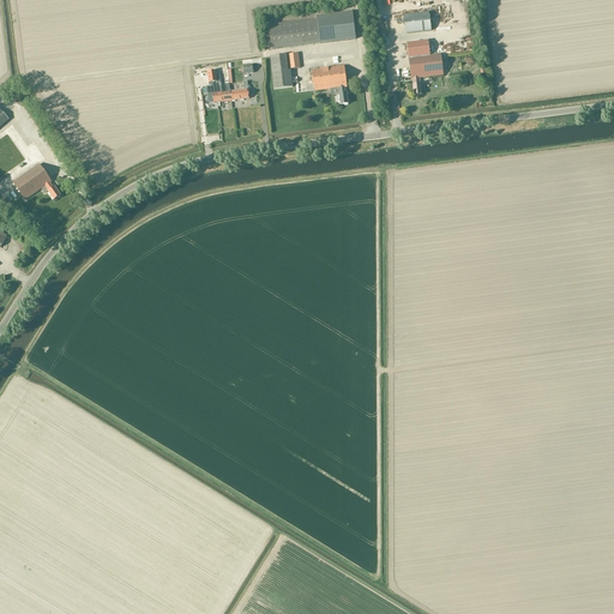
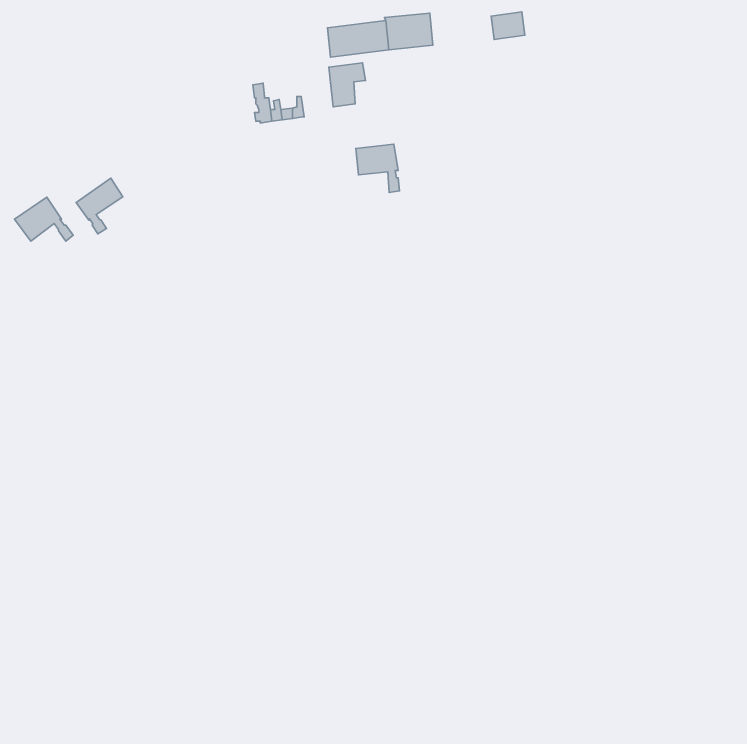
building: [407,38,443,94] -> none
building: [312,64,348,103] -> [356,144,400,192]
building: none -> [76,178,123,234]

